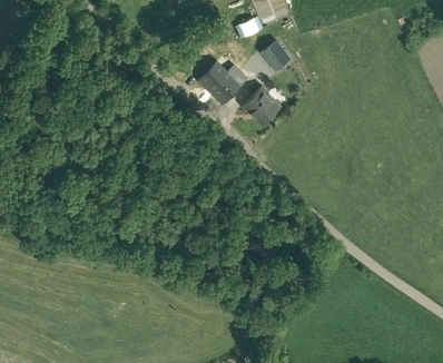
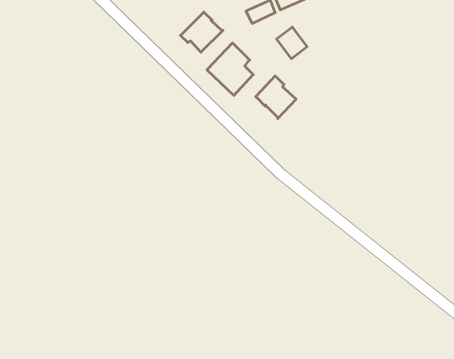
building: none -> [180,12,223,52]

